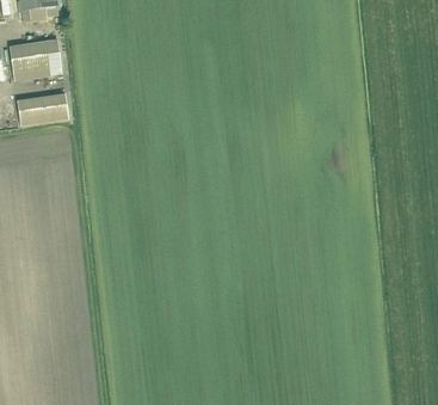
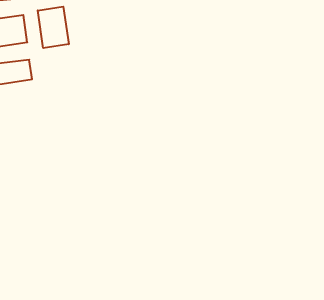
building: none -> [38,7,69,48]

